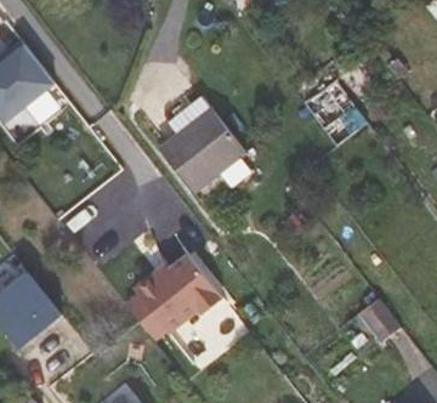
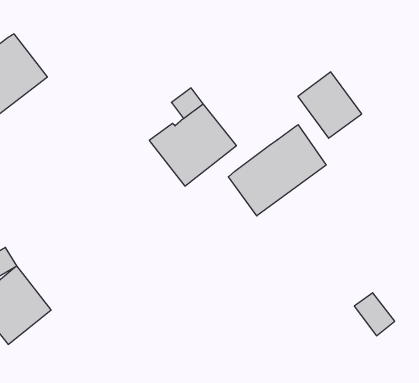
building: none -> [228,125,326,216]
building: [134,259,228,341] -> none

